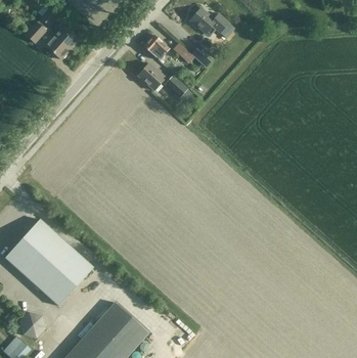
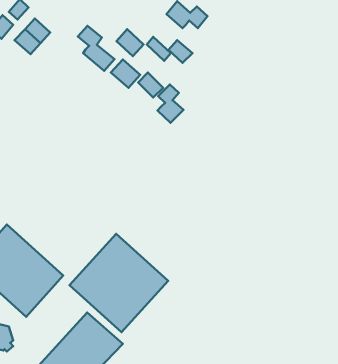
building: none -> [78,26,114,71]
building: none -> [158,85,183,123]
building: none -> [69,234,168,332]

